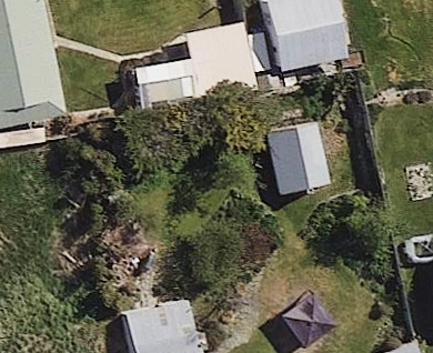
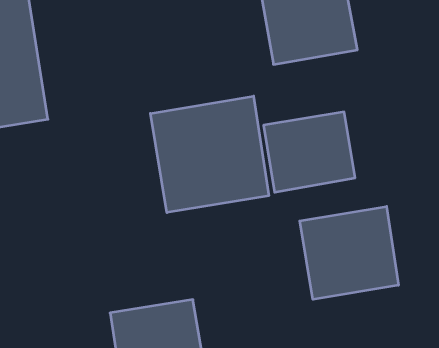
building: none -> [150,96,269,213]
building: none -> [300,206,398,299]

